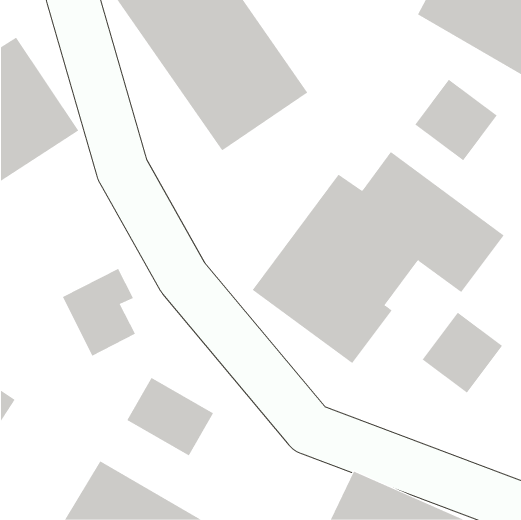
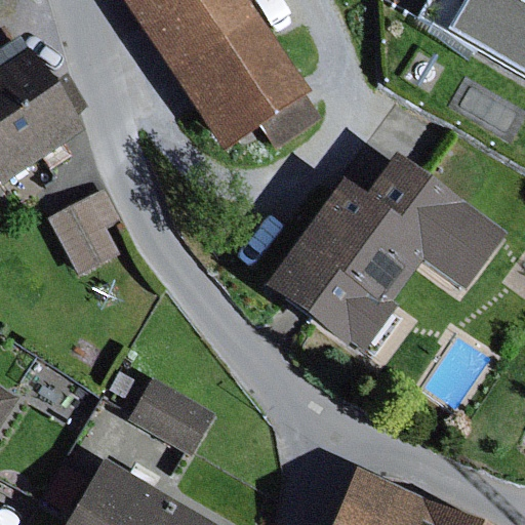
building: [415,79,497,161] -> none
building: [62,268,136,357] -> [50,188,124,276]
building: [422,312,503,393] -> none

